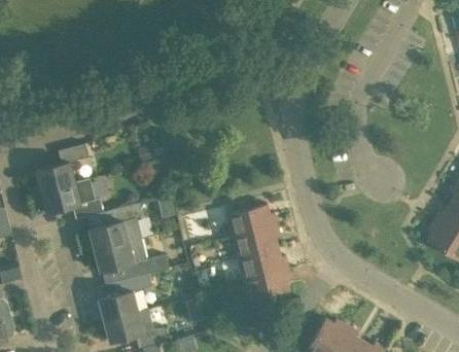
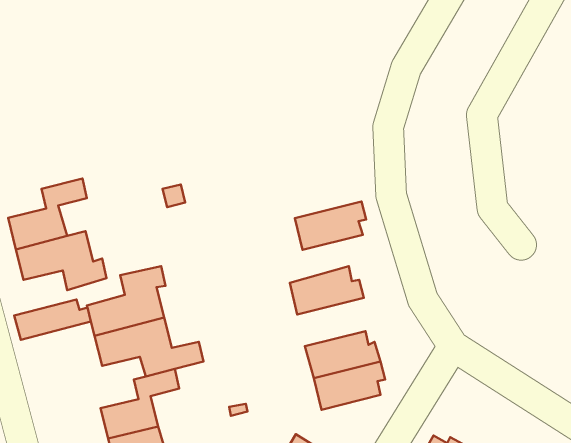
building: [233,225,281,258] -> [295,201,366,250]
building: none -> [14,300,91,340]

